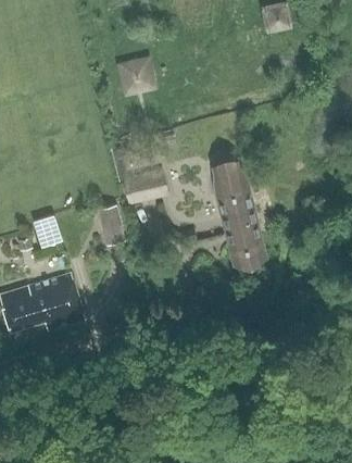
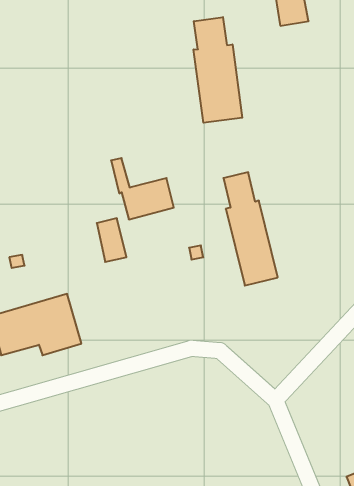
building: none -> [194,17,242,123]
building: [121,54,158,90] -> none

